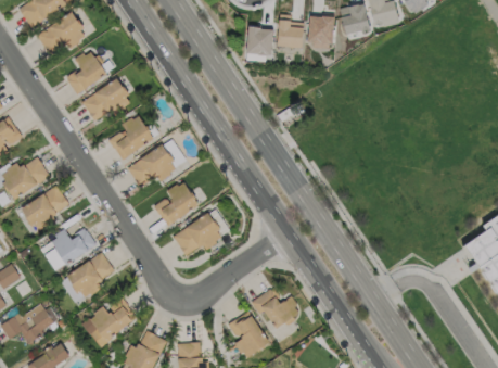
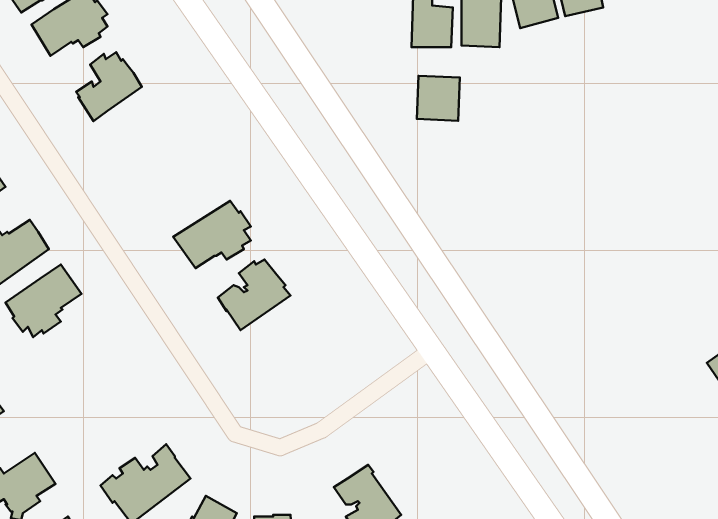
building: [245,27,272,55] -> [417,76,460,121]
building: [81,78,129,120] -> none
building: [107,116,154,160] -> none
building: [175,213,222,255] -> none
building: [52,228,97,265] -> none
building: [67,252,115,297] -> none
building: [251,288,298,329] -> none

